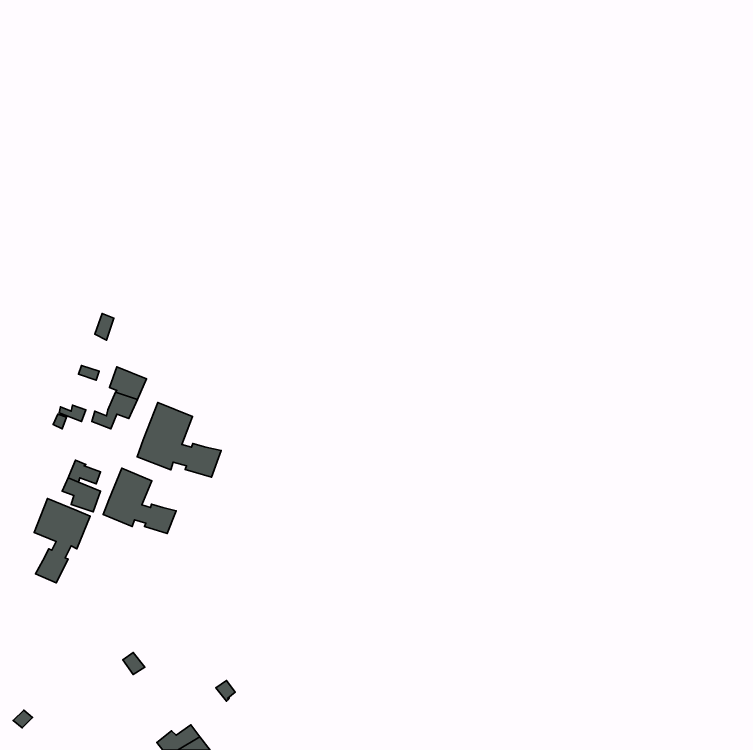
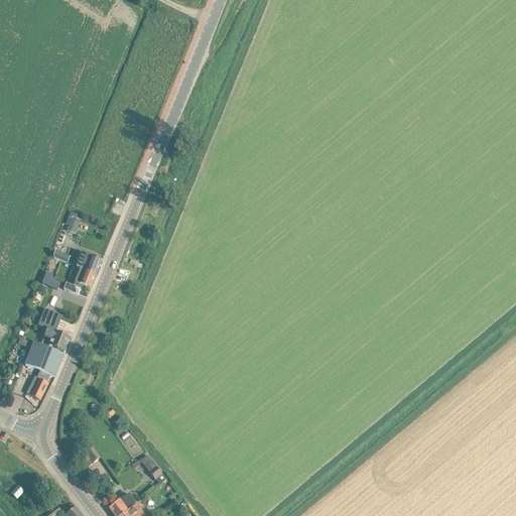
building: [137,402,221,477] -> none
building: [103,468,176,534] -> none

